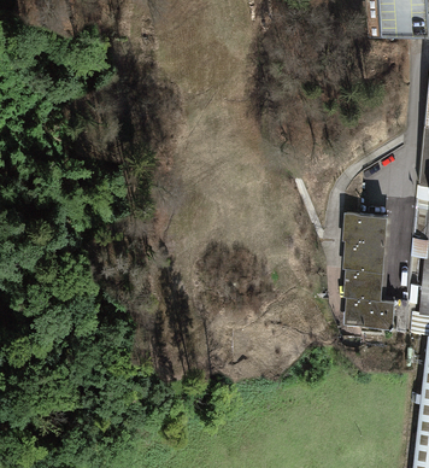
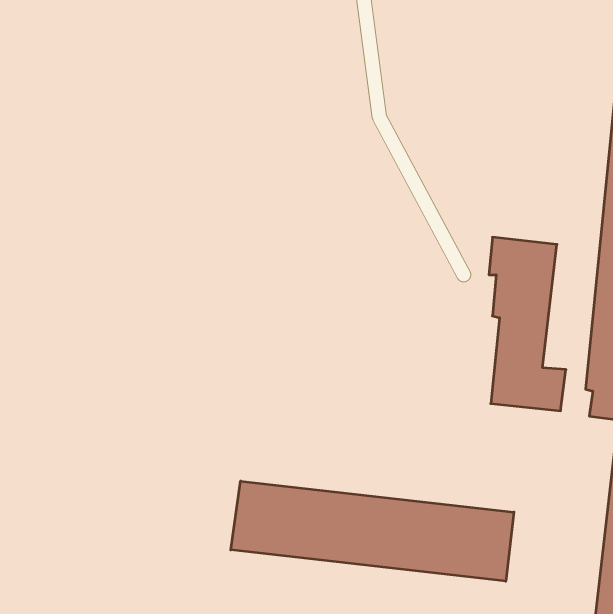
building: none -> [231,481,514,581]

